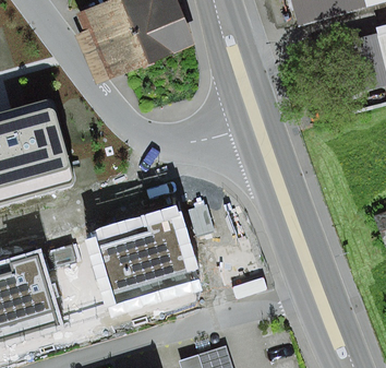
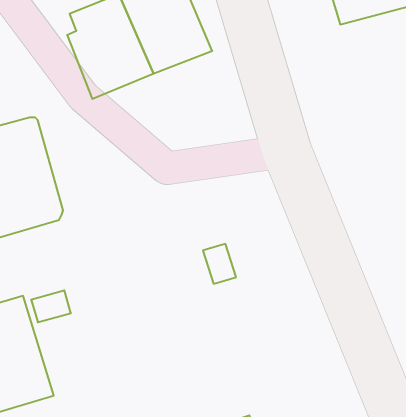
building: [85,204,202,313] -> none

